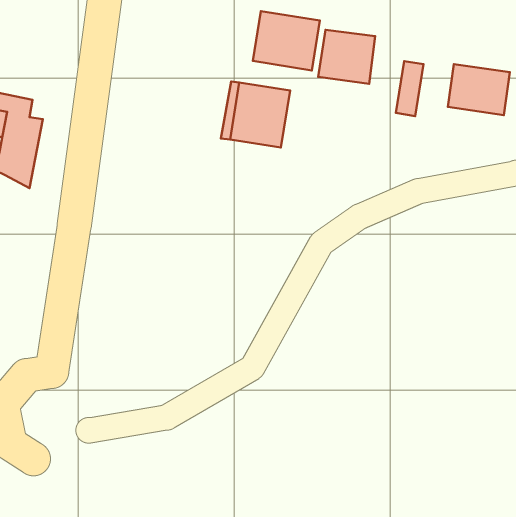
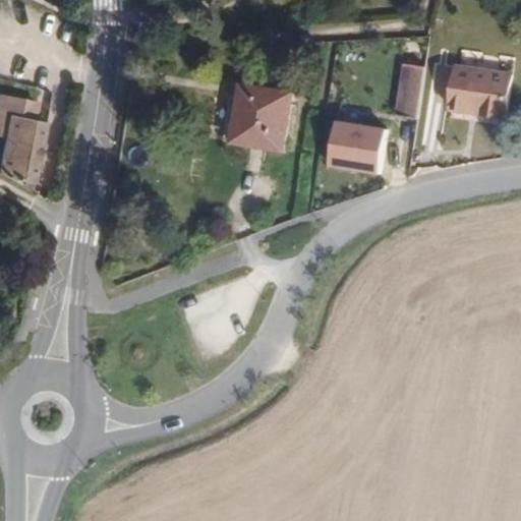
building: [253,11,320,70] -> none
building: [318,30,375,84] -> [325,120,382,174]

